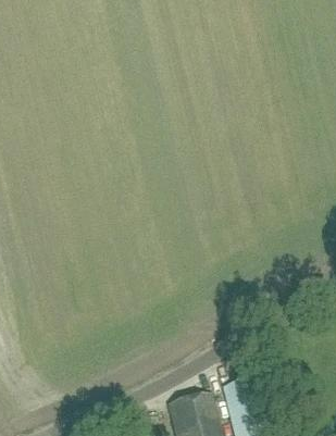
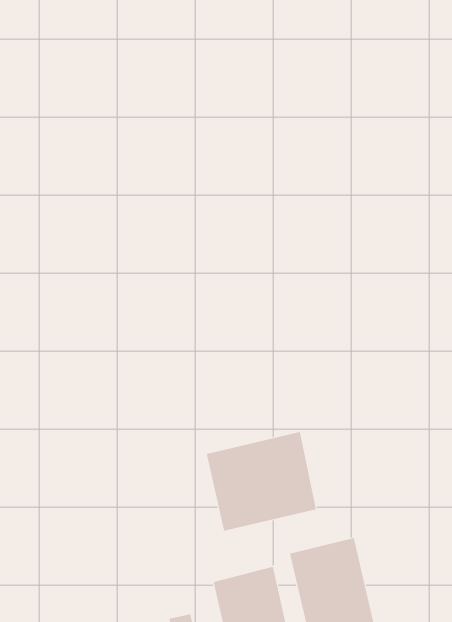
building: none -> [206,431,316,531]

